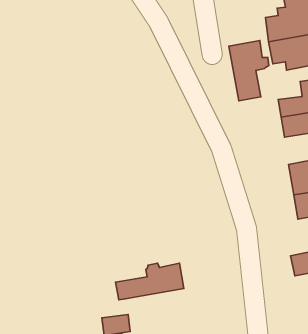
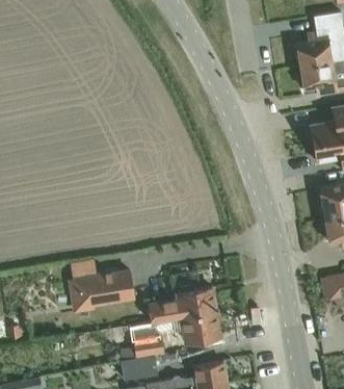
building: [229,40,269,101] -> none
building: none -> [69,270,133,304]
building: none -> [157,311,218,342]

